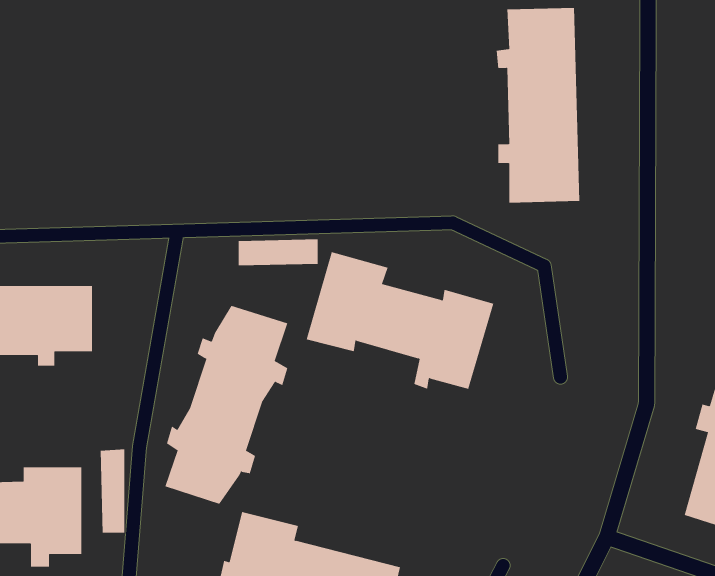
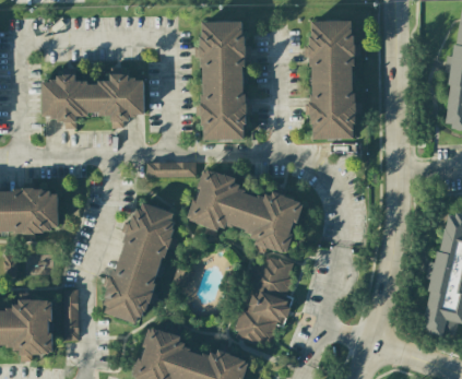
building: none -> [201,21,245,139]
building: none -> [42,75,144,128]
building: none -> [235,254,294,344]

